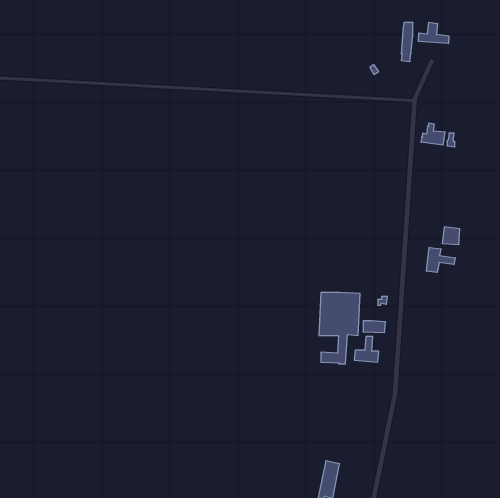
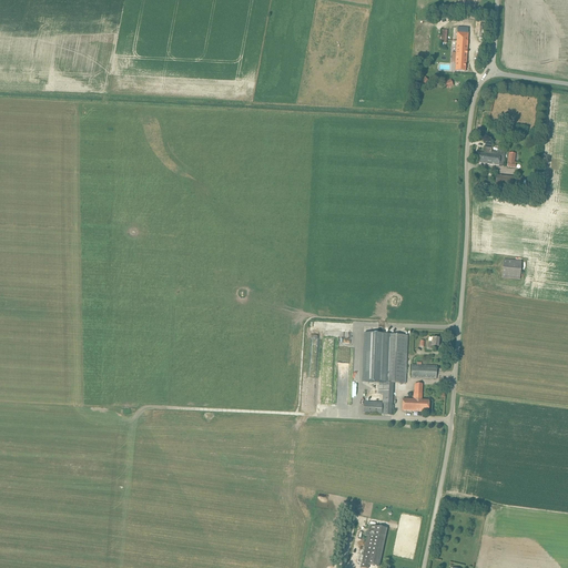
building: [418,22,449,44] -> none
building: [426,247,455,272] -> none

